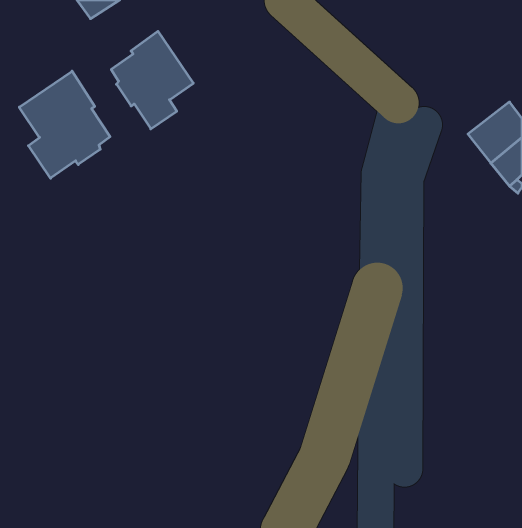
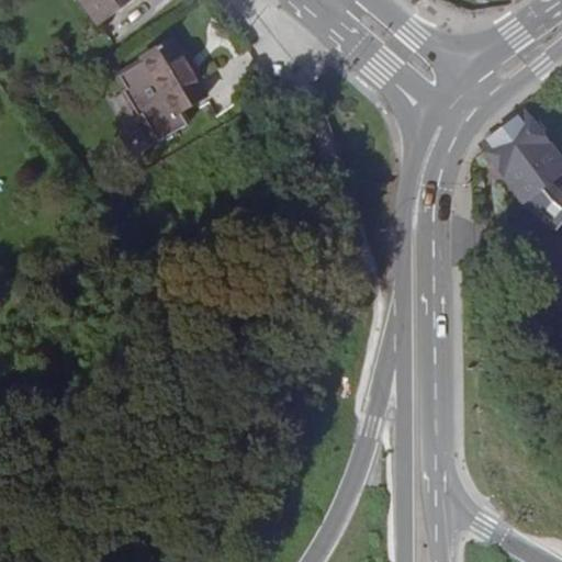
building: [19,71,110,178] -> none

